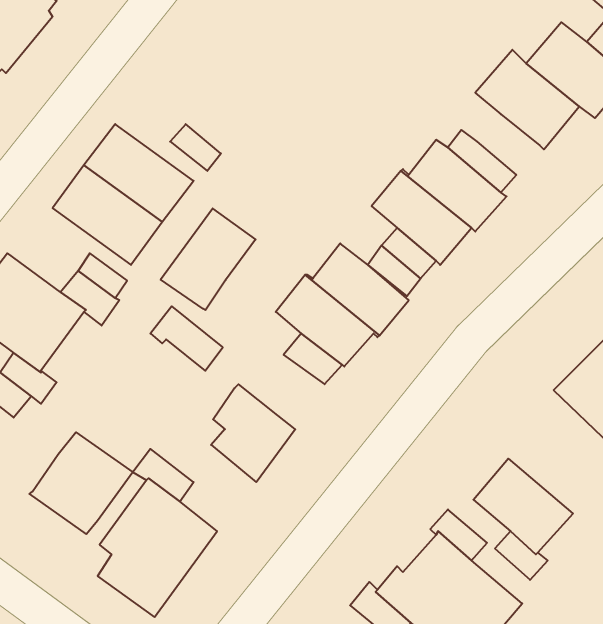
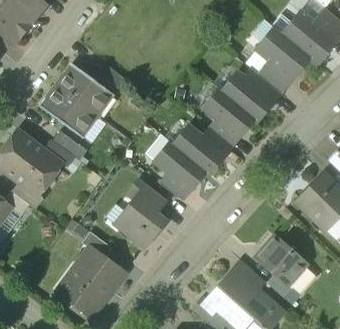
building: none -> [258,60,290,91]
building: [161,208,256,310] -> none
building: [150,306,223,371] -> [128,181,165,214]
building: [29,432,133,534] -> none

